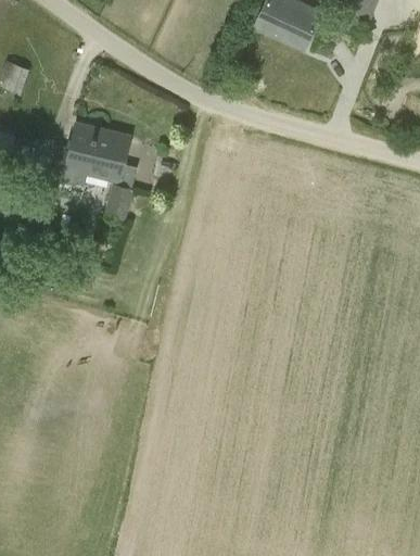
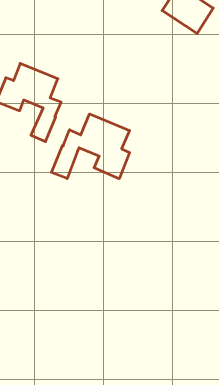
building: none -> [51,114,130,179]

